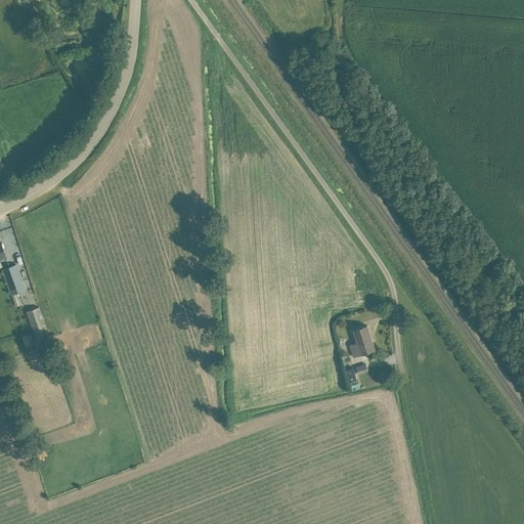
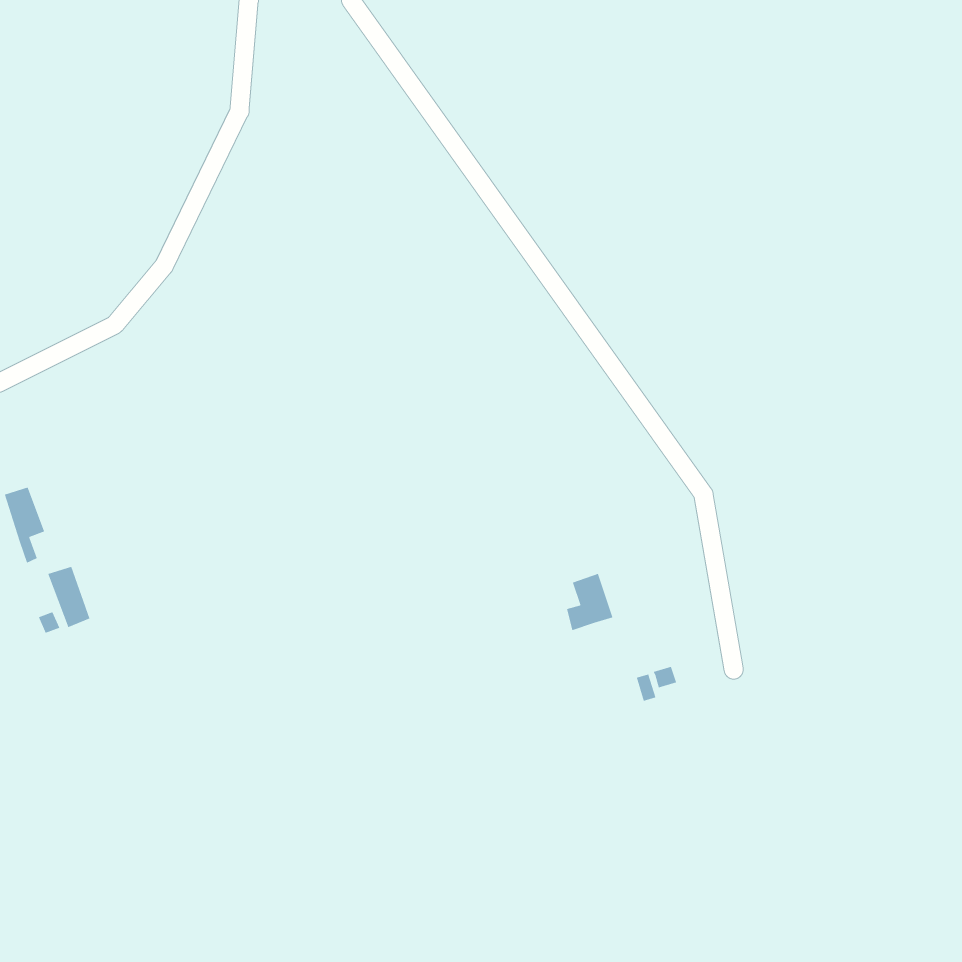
building: [349,325,375,357] -> [566,573,613,631]

